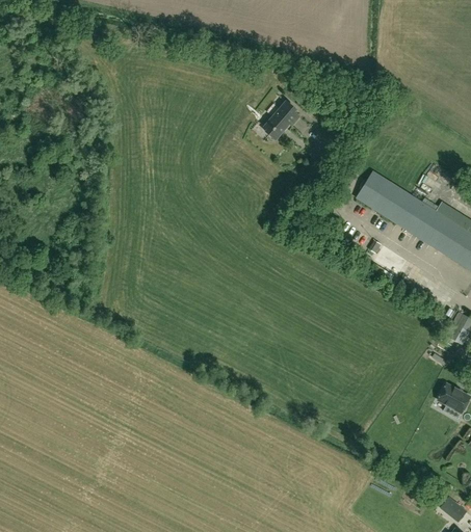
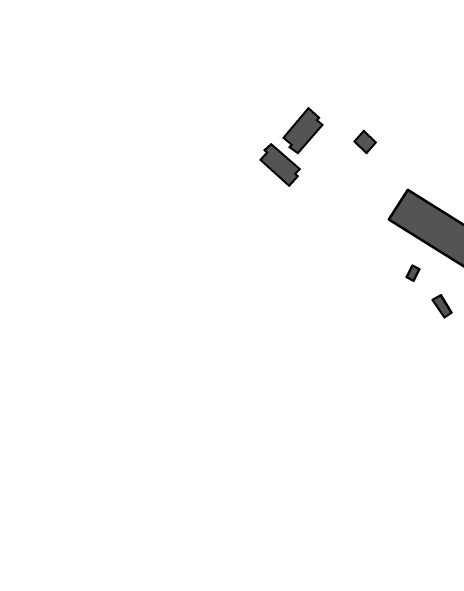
building: none -> [260,144,300,186]

